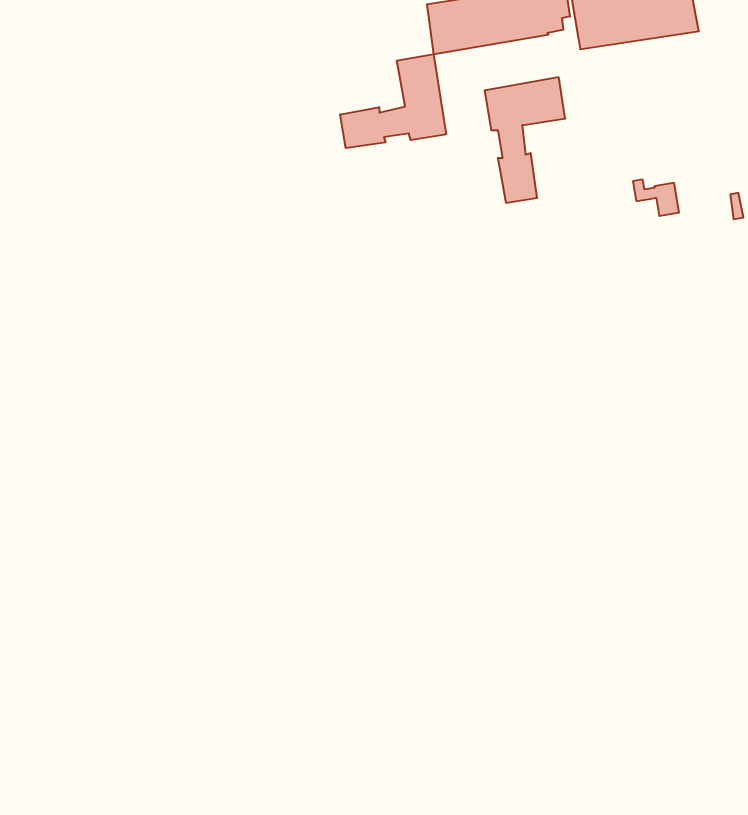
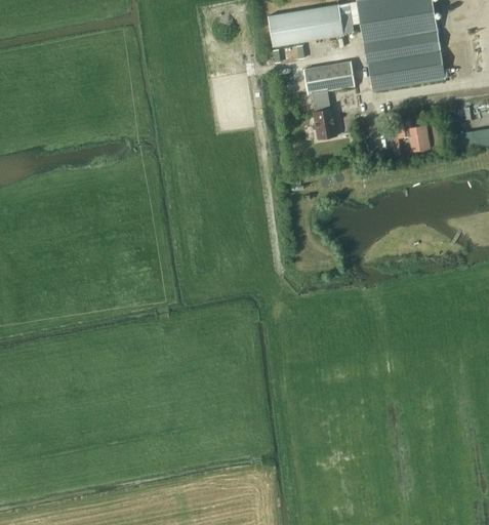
building: none -> [364,32,445,90]
building: [340,54,446,148] -> none

